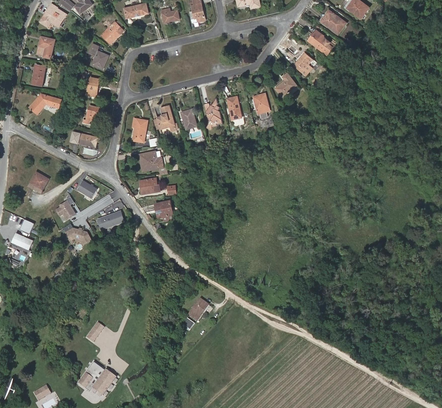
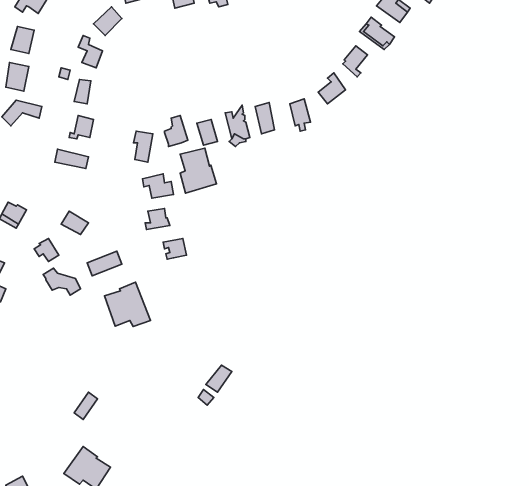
building: none -> [180,148,217,193]
building: none -> [104,282,151,326]

